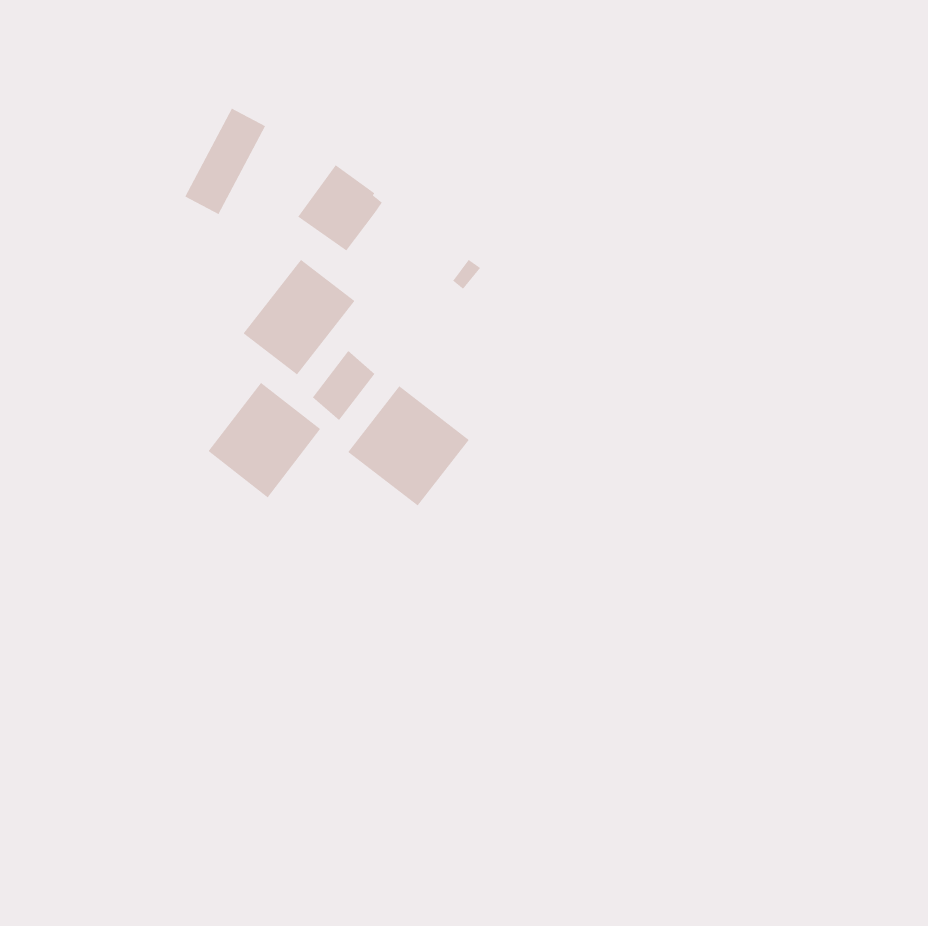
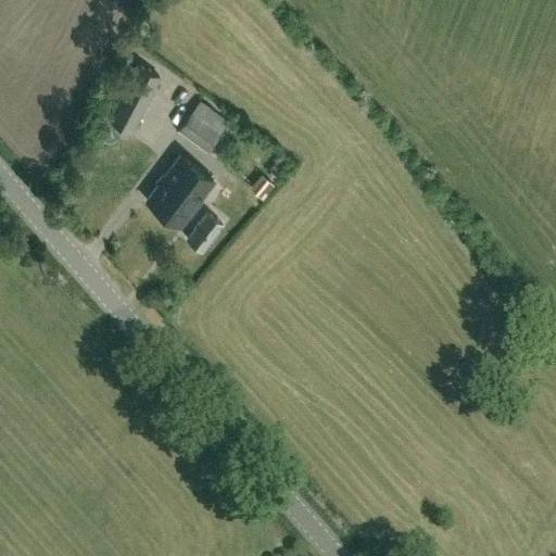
building: [207,382,321,498] -> none
building: [347,385,470,506] -> none

